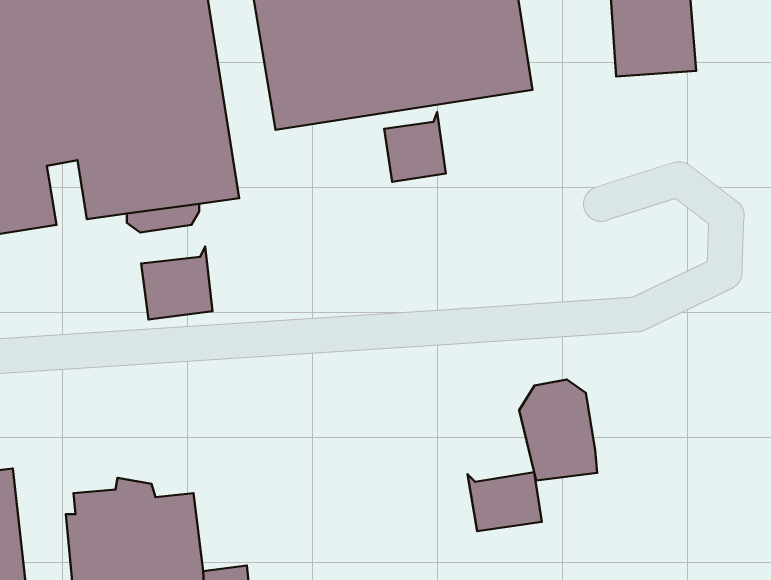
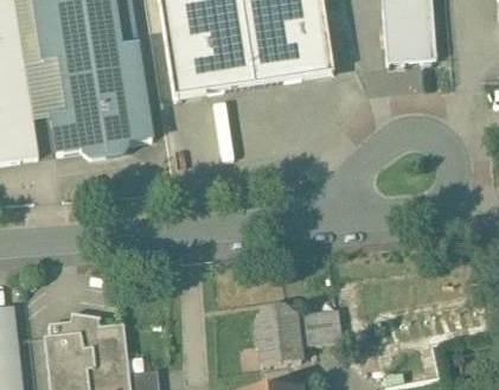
building: [384,112,446,182] -> none
building: [141,246,213,319] -> none
building: [519,380,597,481] -> [252,302,301,365]

